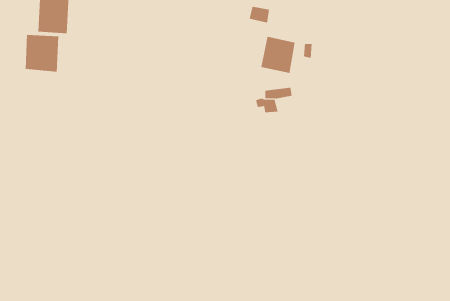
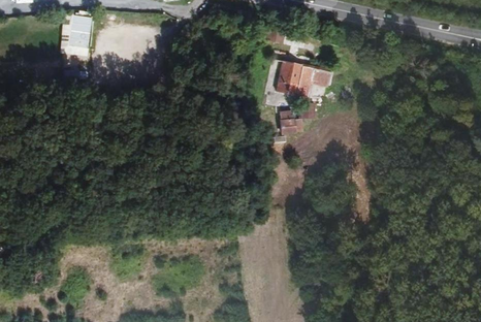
building: [25,34,59,73] -> none

